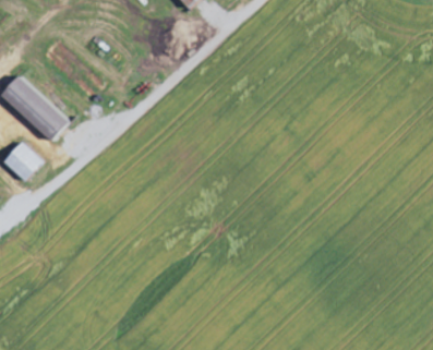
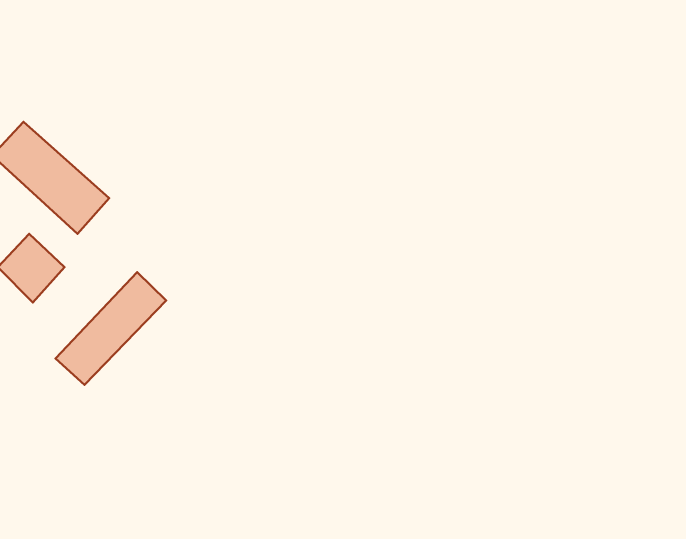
building: none -> [55,272,166,385]

